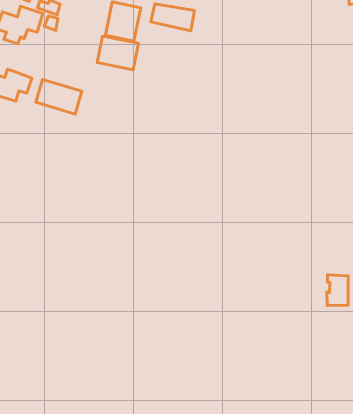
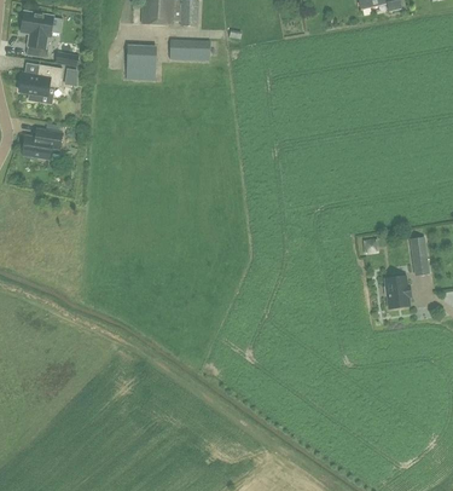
building: [97,36,138,70] -> none
building: [36,79,82,114] -> none

